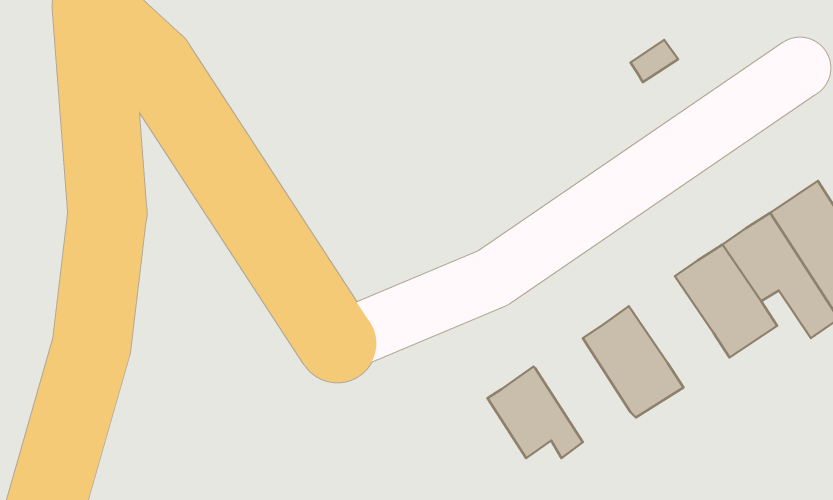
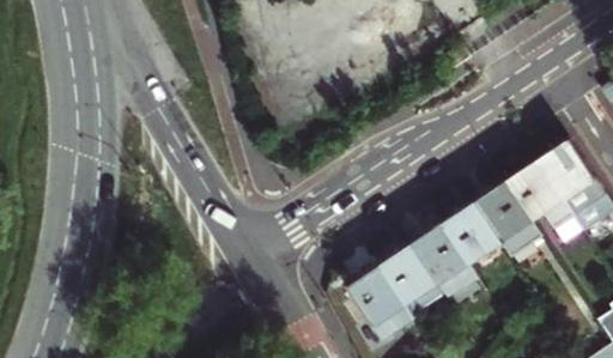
building: none -> [441,204,498,262]
building: none -> [377,245,442,316]

